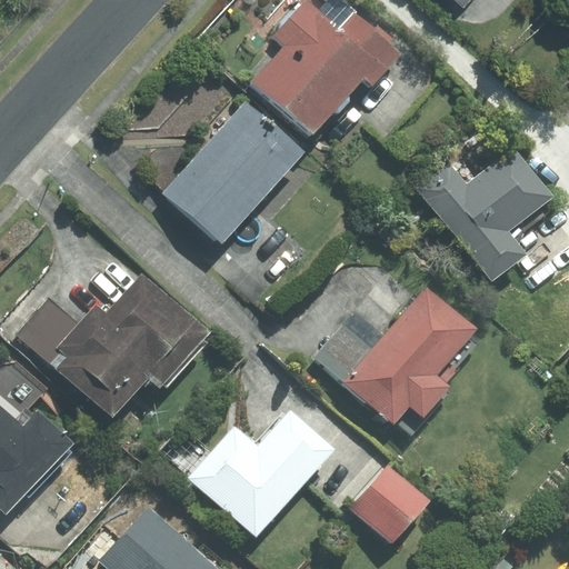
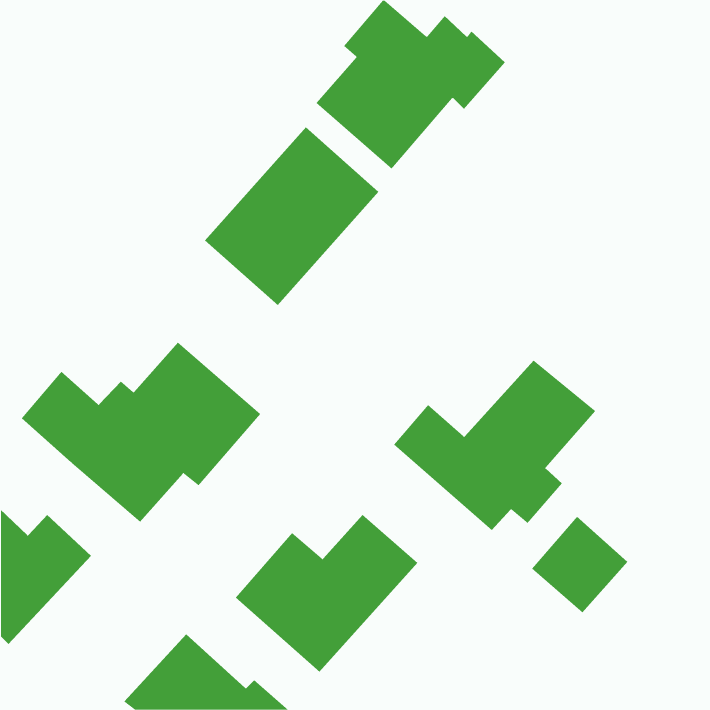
building: [416,147,553,283] -> none
building: [351,466,429,543] -> [531,516,628,613]

